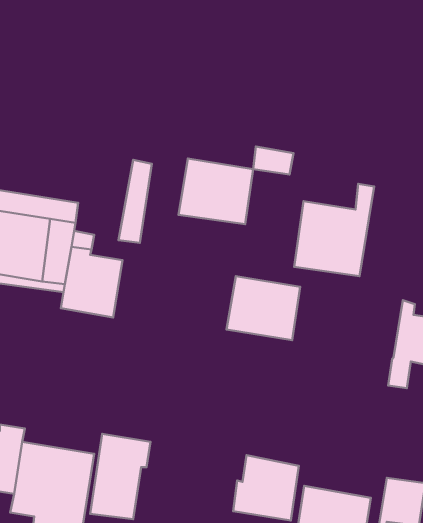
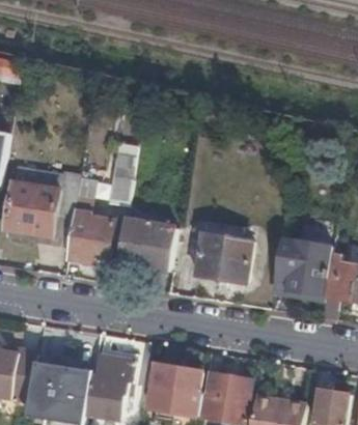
building: [178,159,253,224] -> [117,219,175,270]
building: [294,184,374,276] -> [273,224,335,295]
building: none -> [142,358,202,417]

